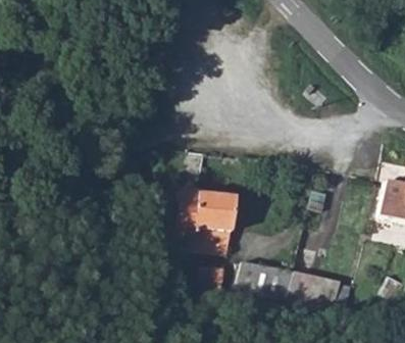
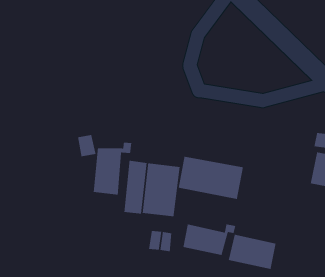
building: none -> [93,142,132,195]
building: none -> [178,156,244,200]

